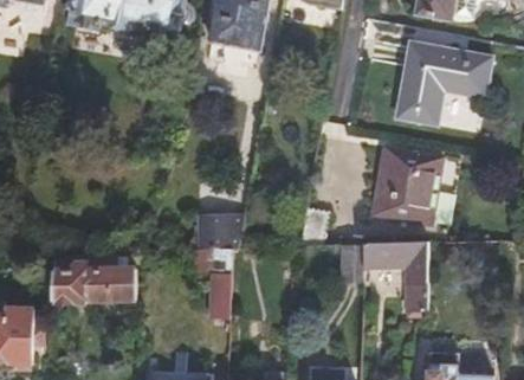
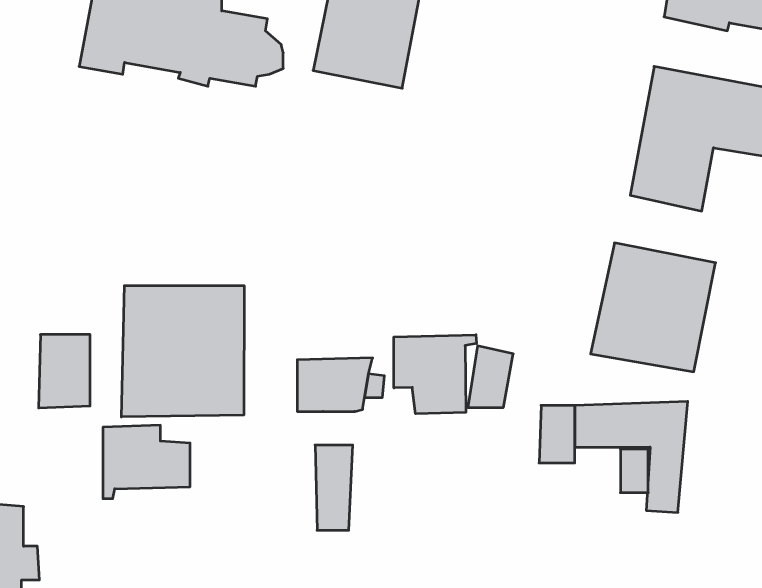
building: none -> [121,286,244,417]
building: none -> [394,335,476,414]
building: [50,257,80,301] -> [39,335,90,408]

